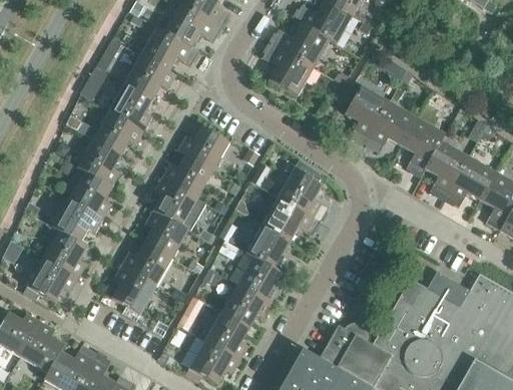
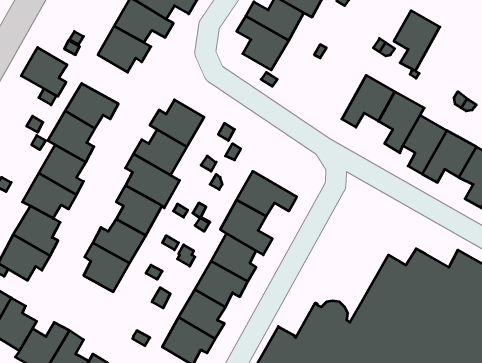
building: [109,81,154,129] -> [21,47,67,96]
building: [344,85,389,144] -> [394,11,440,71]
building: [278,167,329,221] -> none

